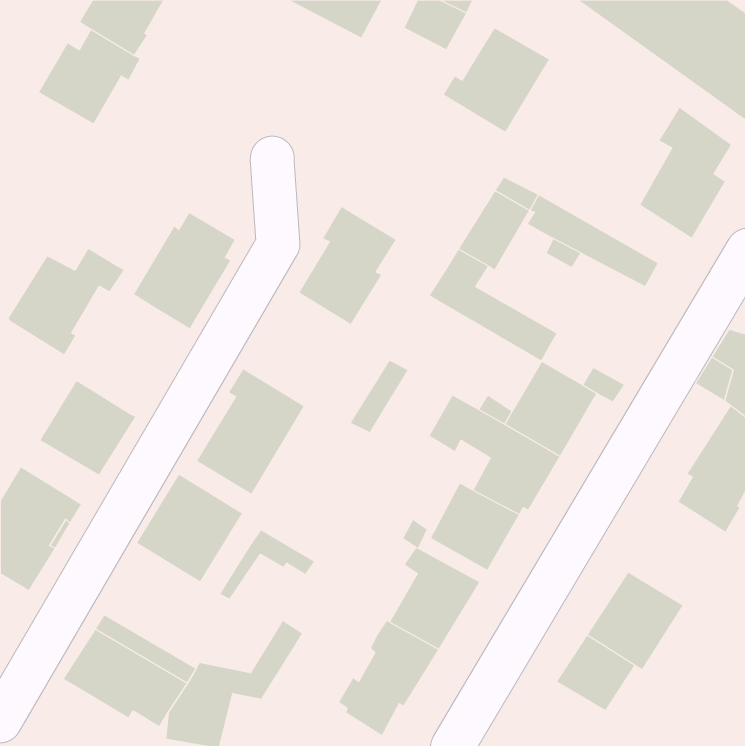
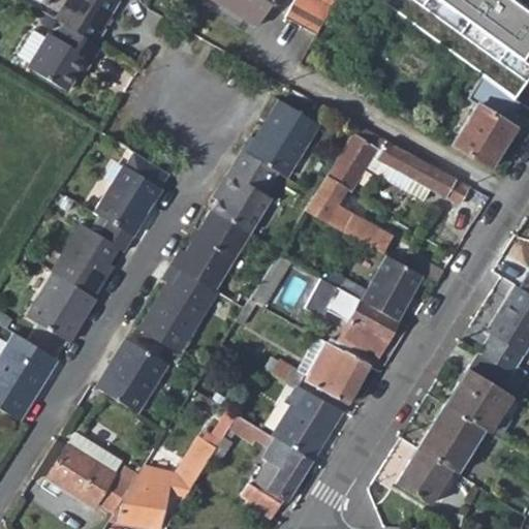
building: [443,27,550,133] -> [243,99,318,174]
building: [7,248,125,355] -> [54,218,136,293]
building: none -> [174,208,250,287]
building: none -> [445,353,521,432]
building: [220,529,315,600] -> [208,416,275,466]

